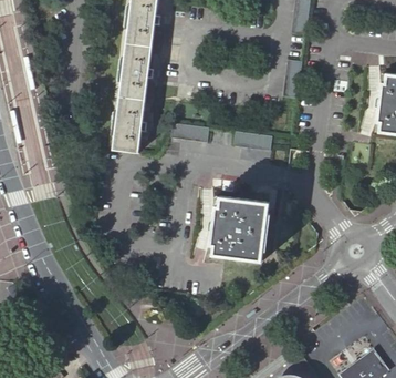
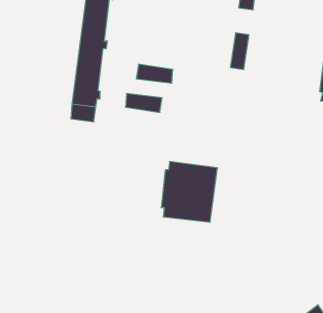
building: [231,131,270,151] -> [136,64,173,83]

